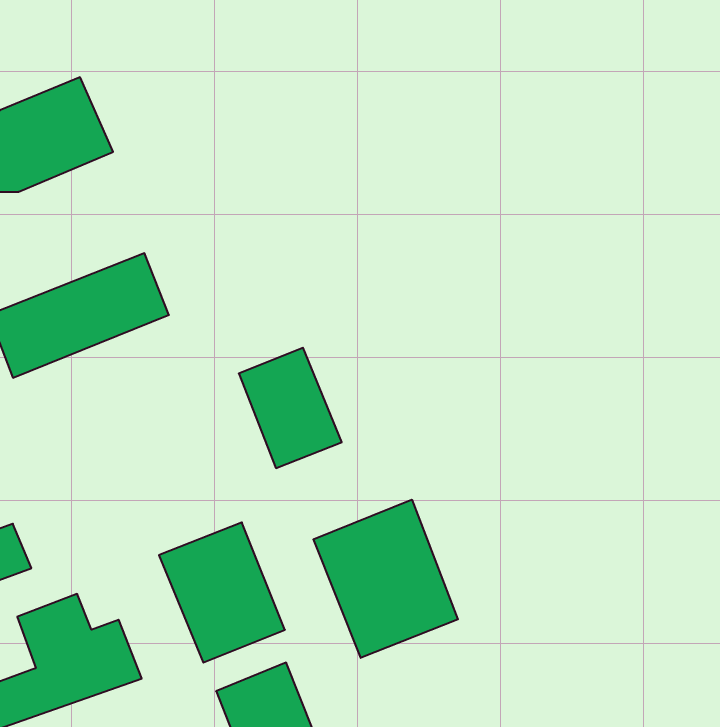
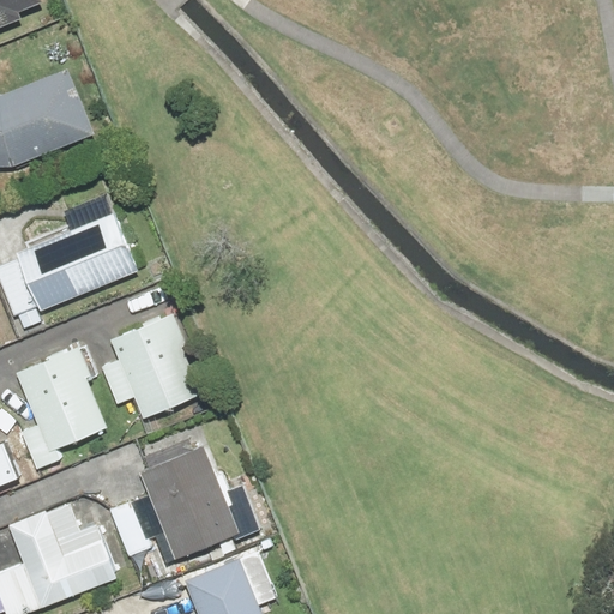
building: [239,348,342,468] -> [110,320,197,421]
building: none -> [16,351,101,452]
building: [313,500,458,658] -> none

